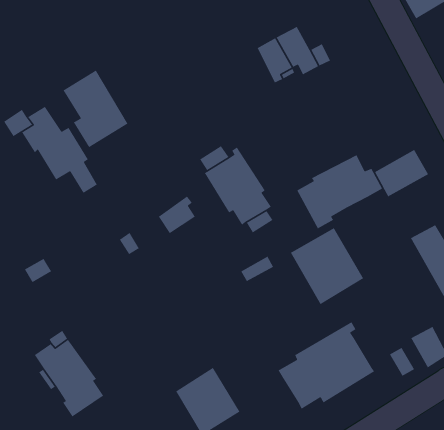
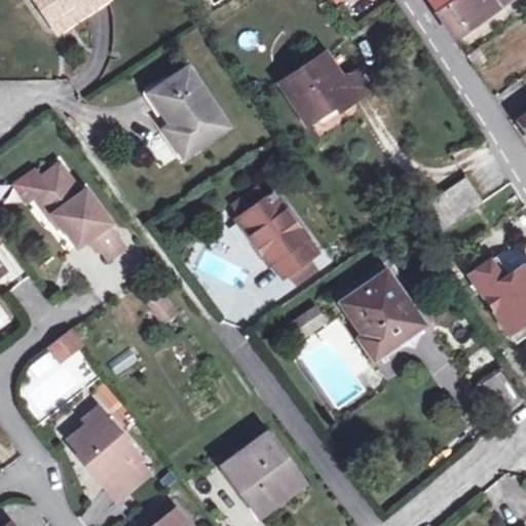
building: [62,69,128,148] -> [153,68,228,154]
building: [296,154,383,229] -> none
building: [158,195,196,234] -> none
building: [278,321,375,410] -> none

